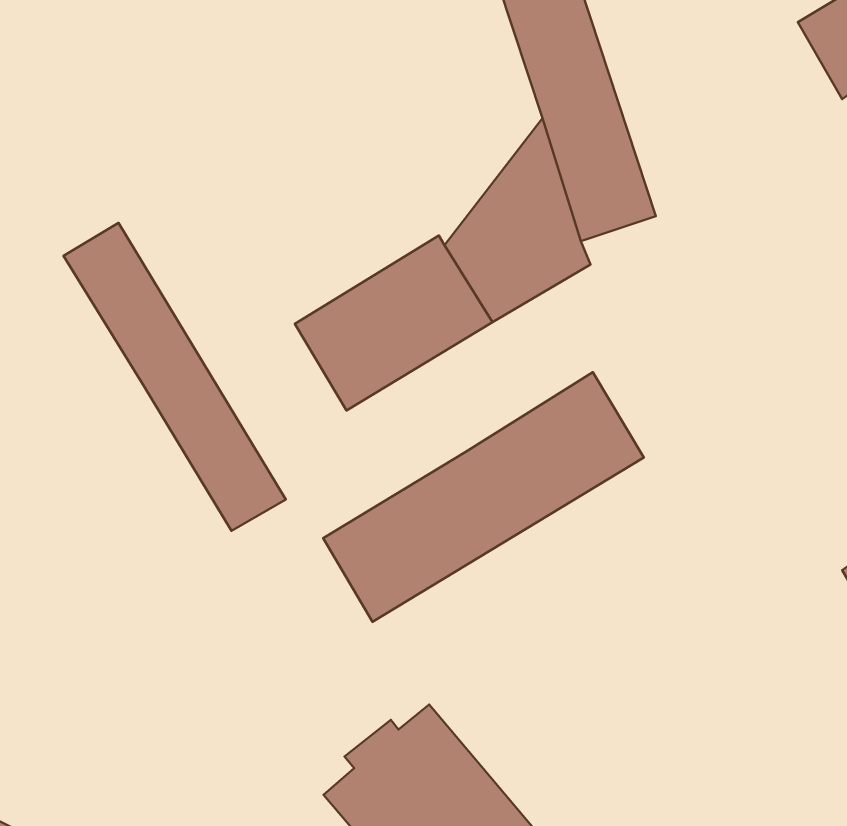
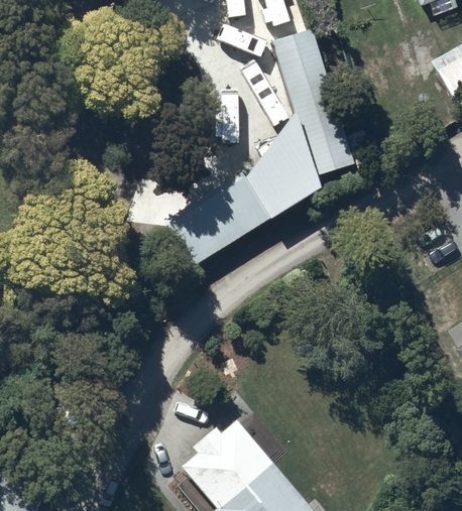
building: [63,223,286,531] -> none
building: [323,372,644,622] -> none

